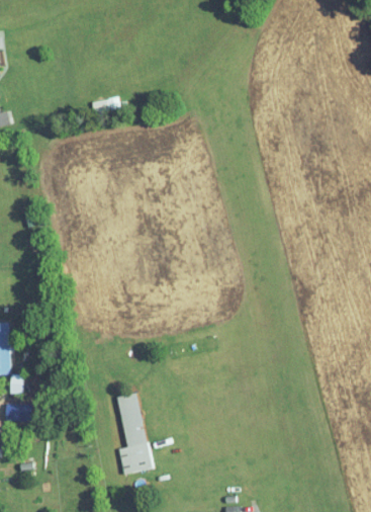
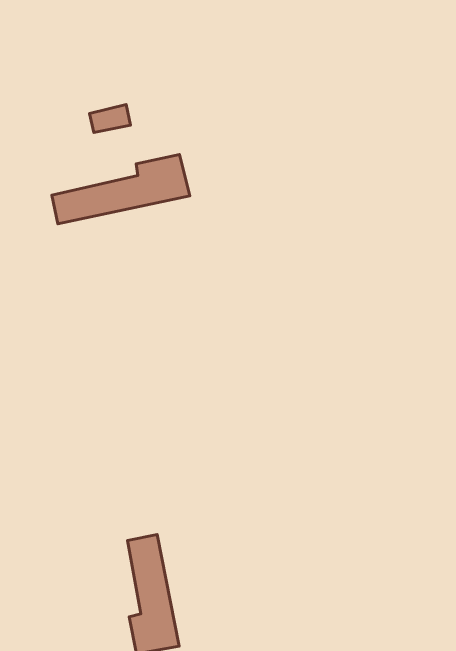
building: none -> [52,155,190,224]

